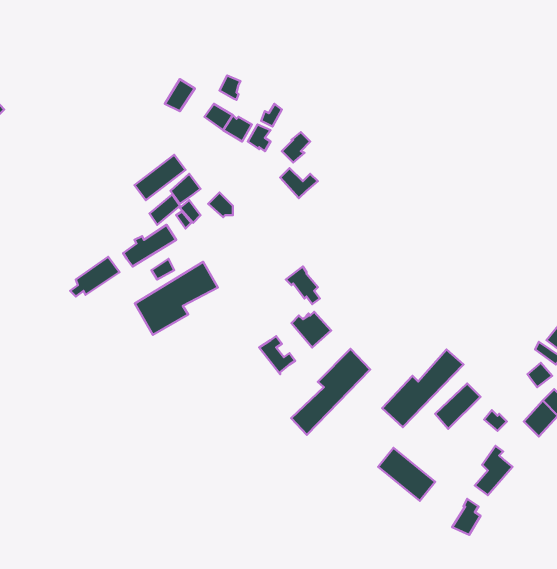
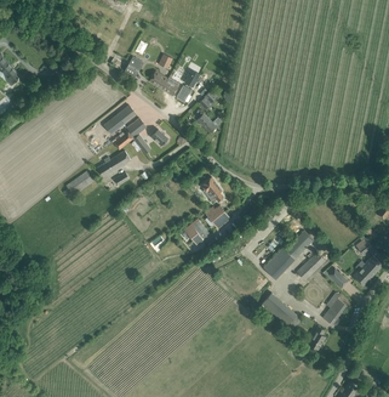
building: [135,262,218,335] -> none
building: [291,349,370,435] -> none

